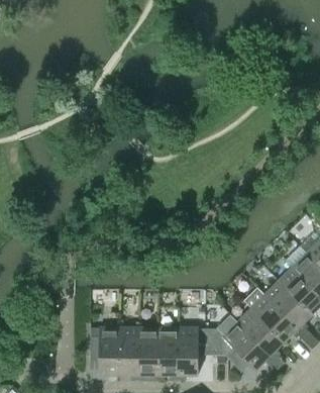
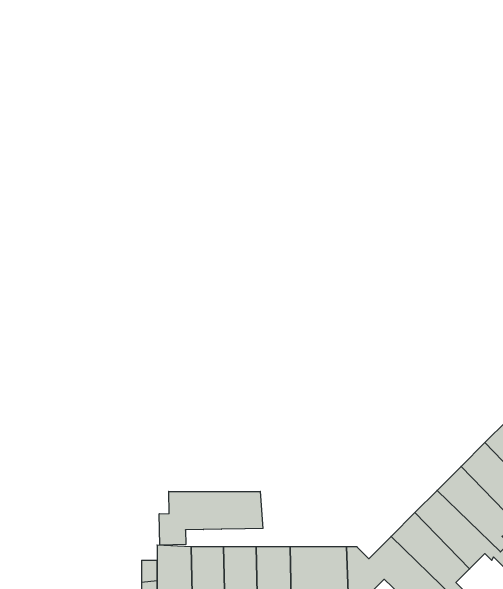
building: none -> [159,491,263,545]

